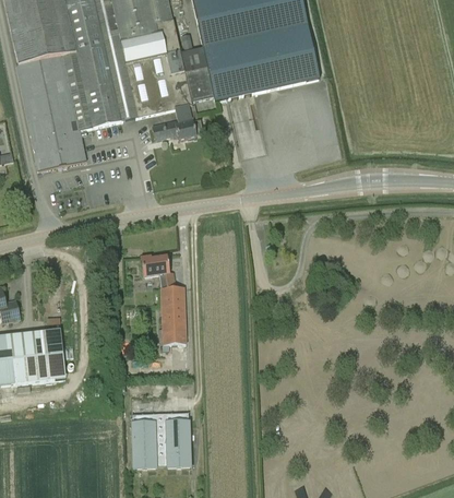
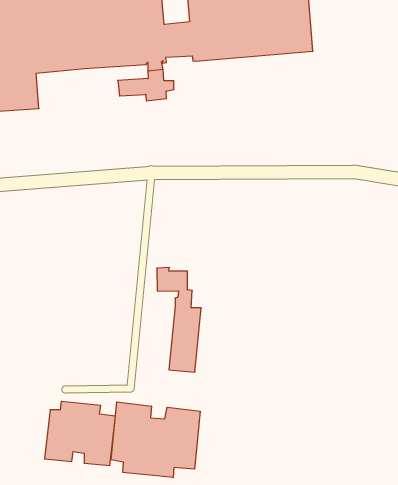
building: [141,253,187,343] -> [157,267,201,372]
building: none -> [111,402,200,478]

